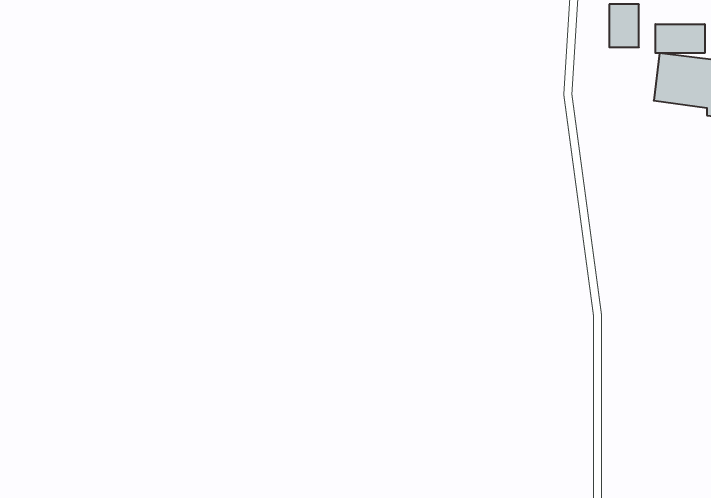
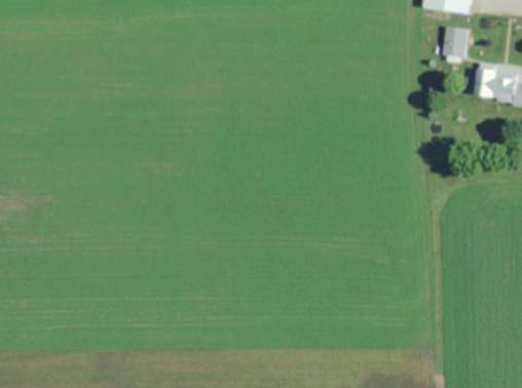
building: [655,24,705,53] -> none

